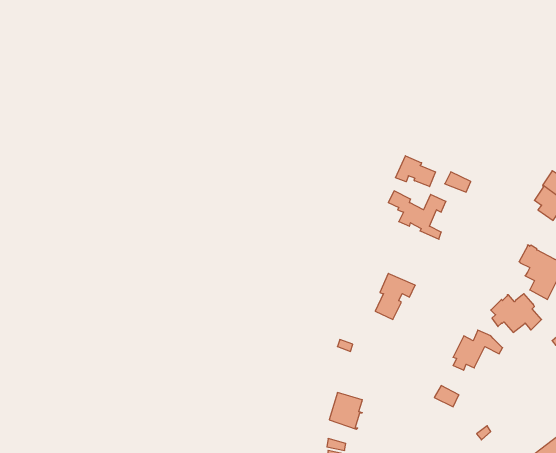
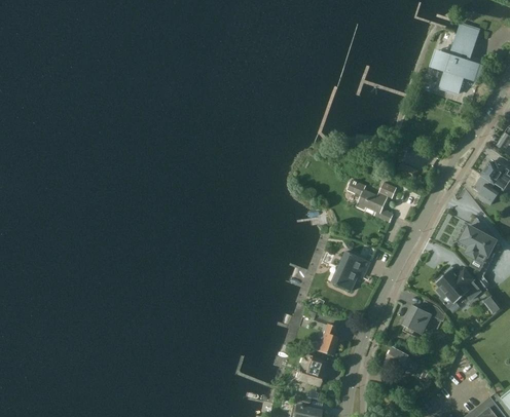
building: none -> [435,24,480,92]
building: [396,156,436,187] -> none
building: none -> [312,324,338,354]

